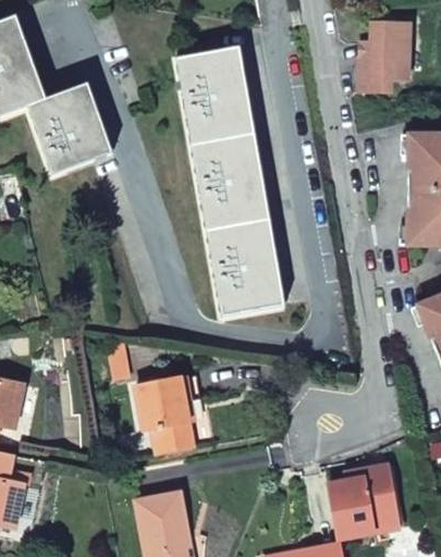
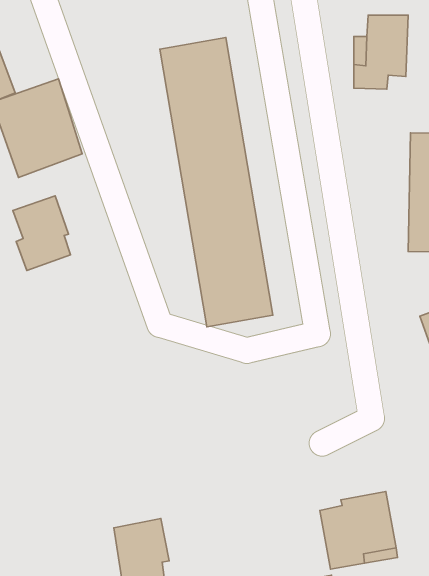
building: none -> [13,196,71,271]
building: [135,375,199,451] -> none

